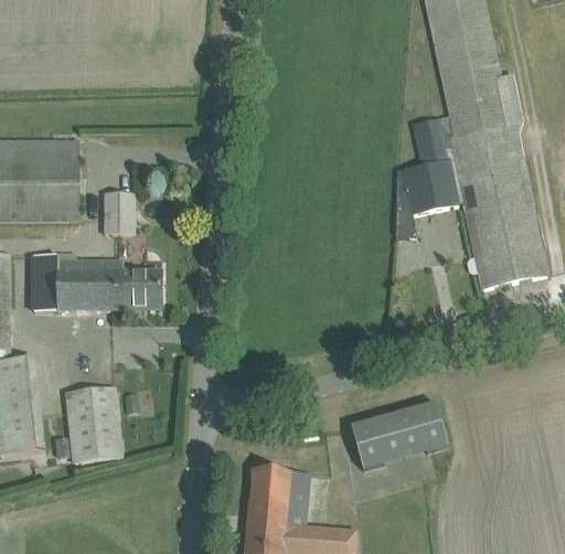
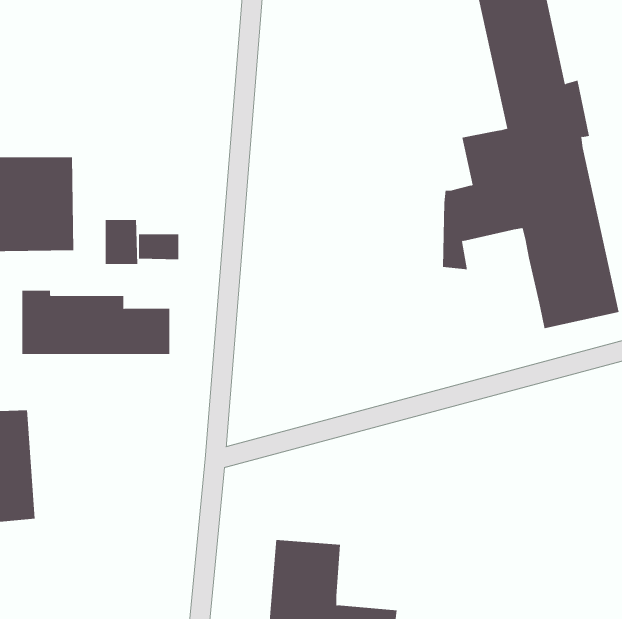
building: none -> [138,233,179,260]
building: [66,387,121,462] -> none
building: [349,402,448,471] -> none

